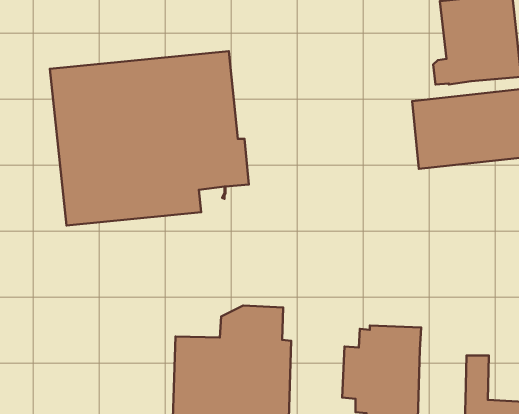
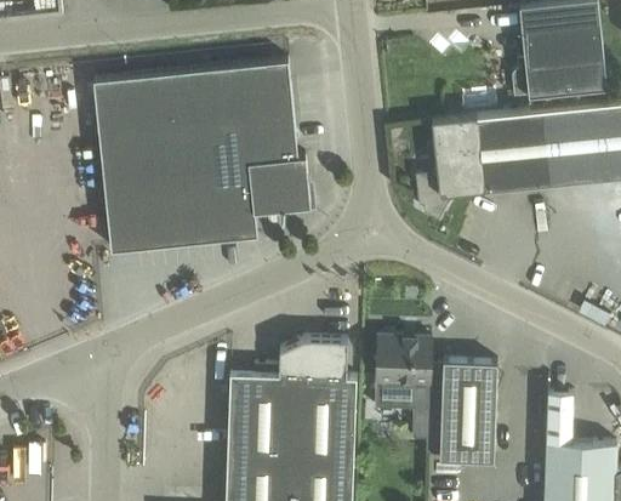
building: none -> [416,118,496,223]
building: none -> [375,338,432,411]

